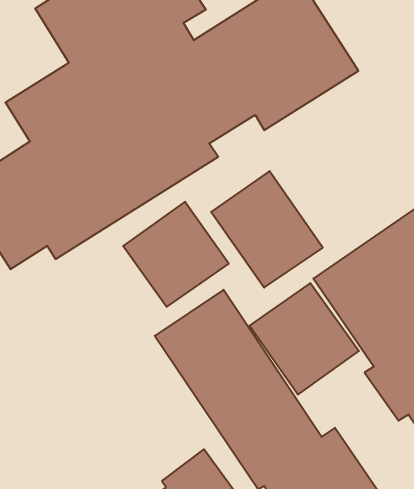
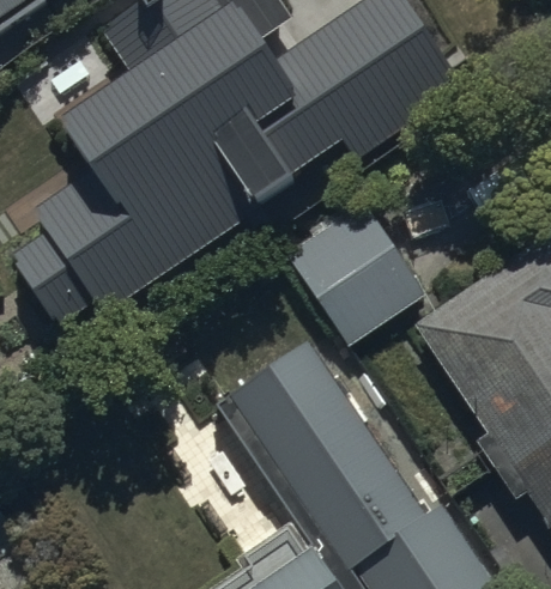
building: [123,202,229,307] -> none
building: [249,283,359,395] -> none

